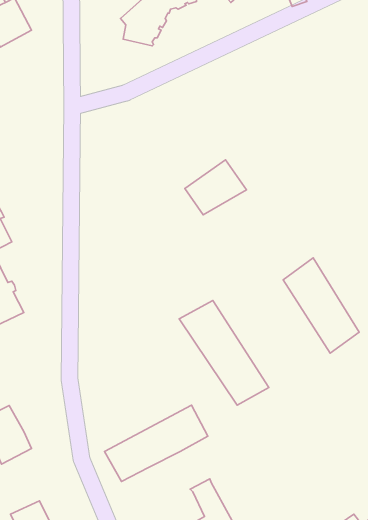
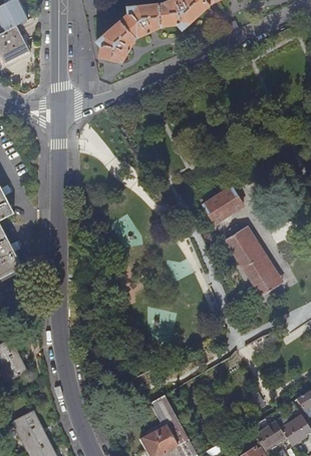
building: [185,160,246,215] -> [197,183,244,225]
building: [179,301,269,405] -> none
building: [104,405,208,482] -> none

